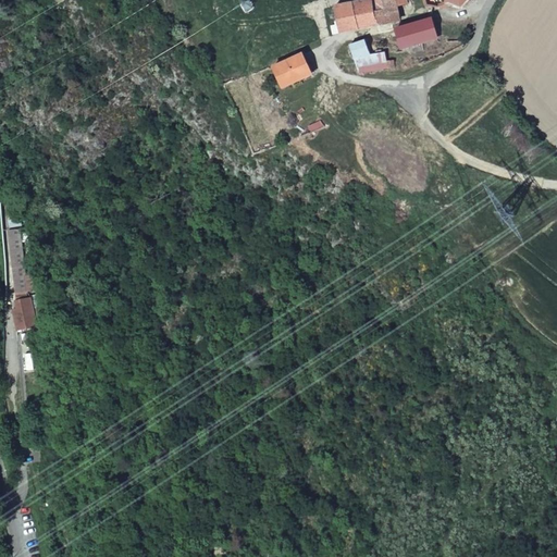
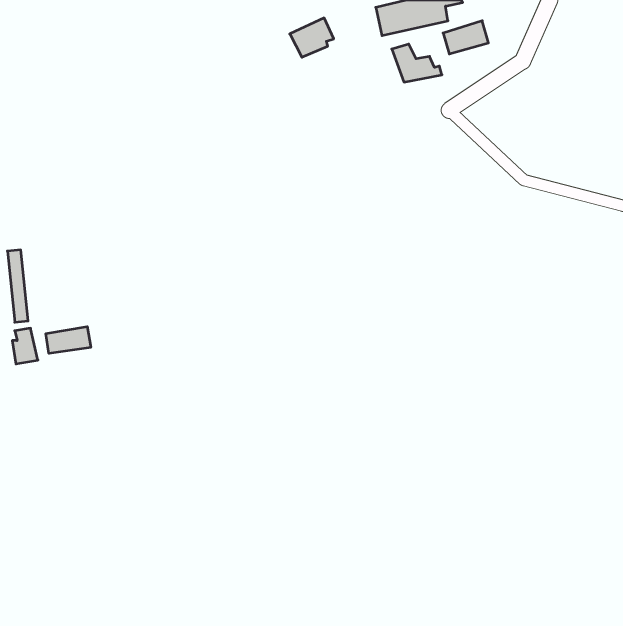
building: [273,51,312,86] -> [290,18,334,57]
building: none -> [46,327,91,353]

